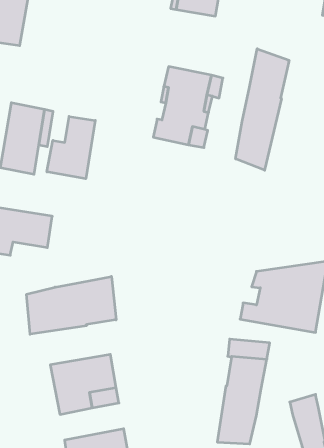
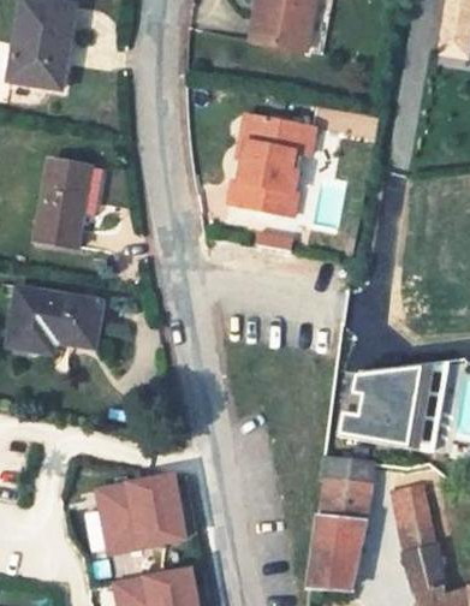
building: [236,49,289,170] -> none
building: [47,116,95,179] -> none
building: [27,276,116,334] -> none
building: none -> [391,483,433,537]

